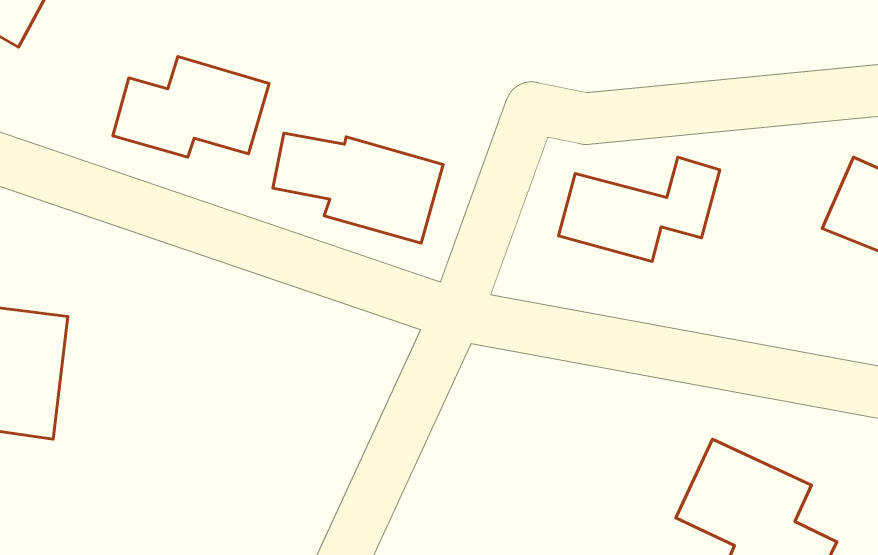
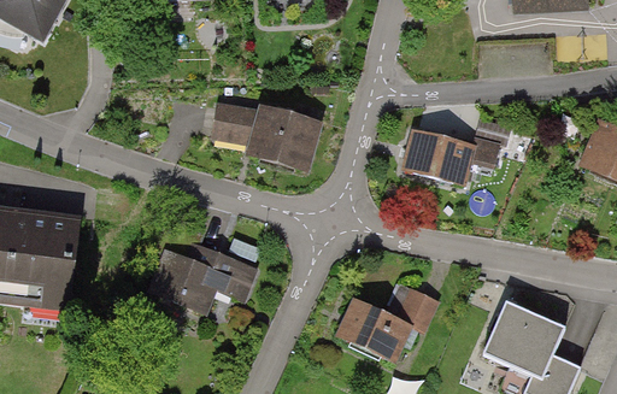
building: [113,56,269,157] -> none
building: none -> [157,224,255,310]
building: none -> [330,281,442,366]

